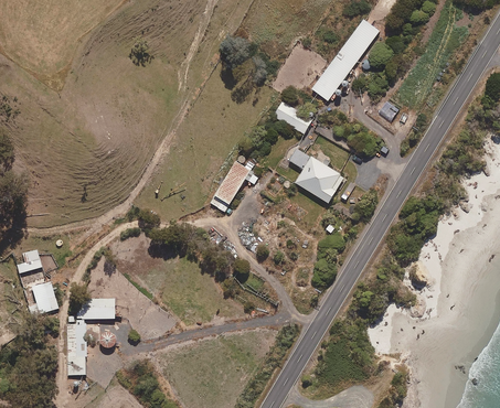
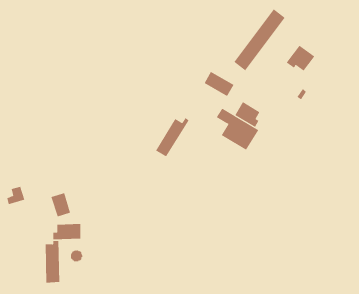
building: none -> [286,45,315,71]
building: none -> [235,101,260,128]
building: [31,281,57,313] -> [51,192,71,217]

